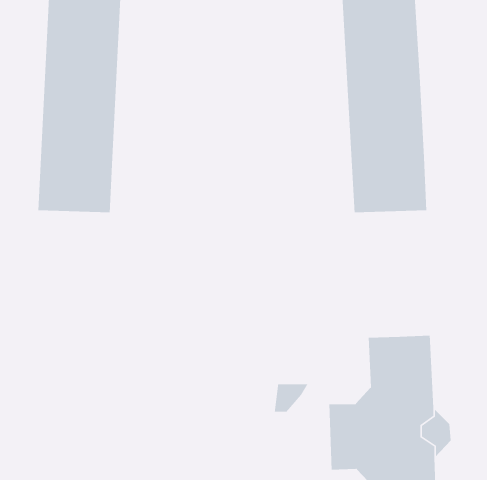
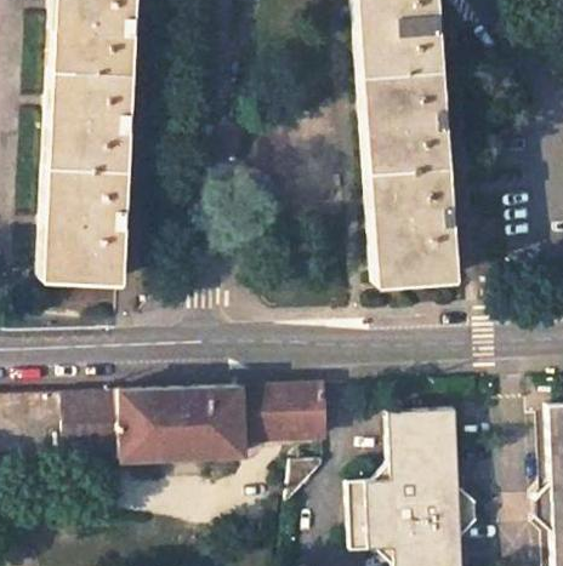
building: none -> [68,387,328,462]

